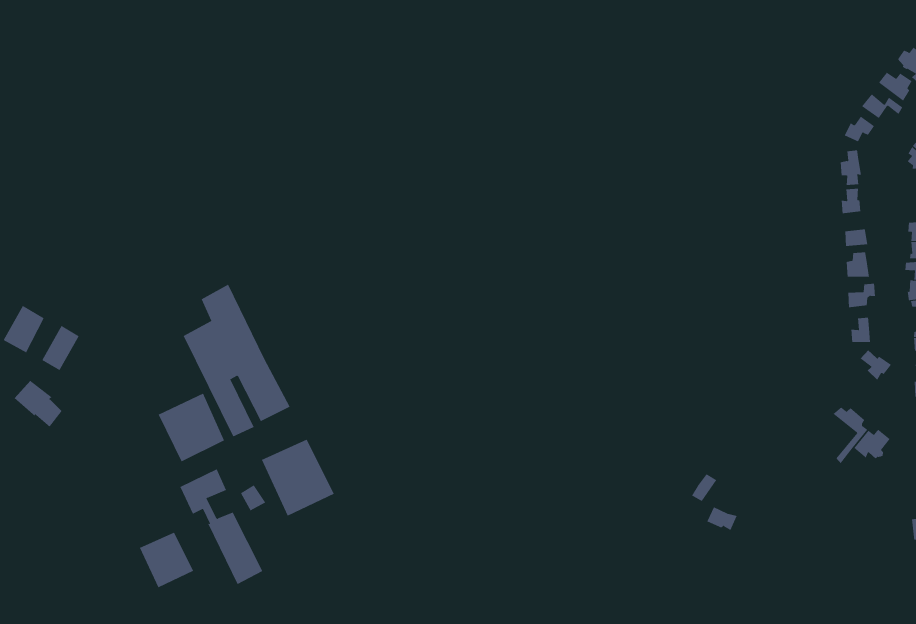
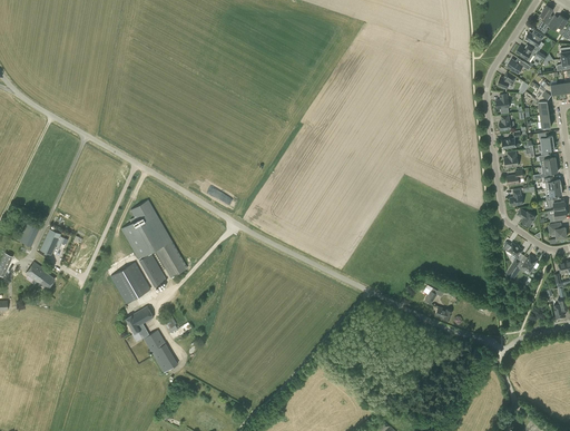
building: [261,439,334,517] -> none
building: [139,532,194,588] -> none

